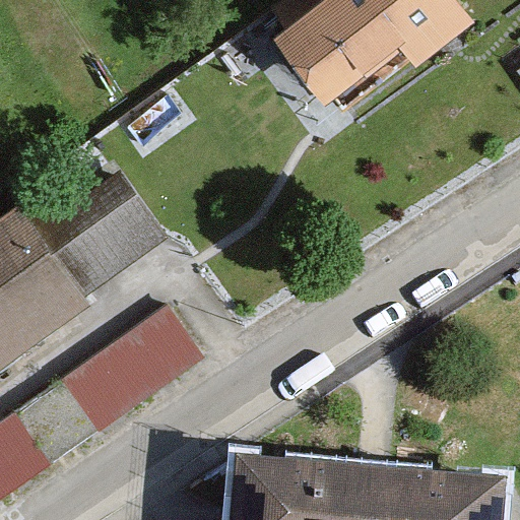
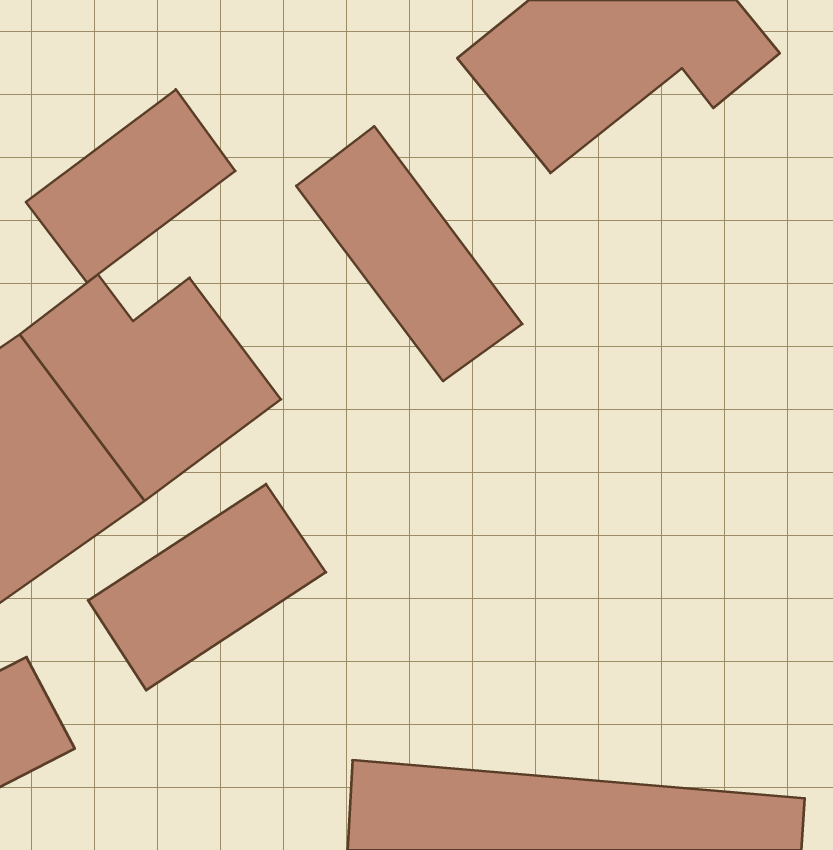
building: none -> [26,89,235,283]
building: none -> [296,126,522,381]

